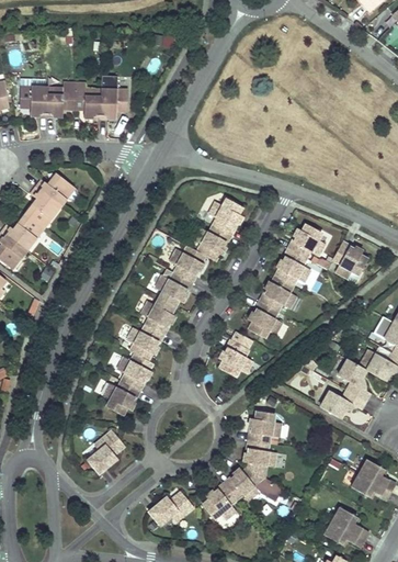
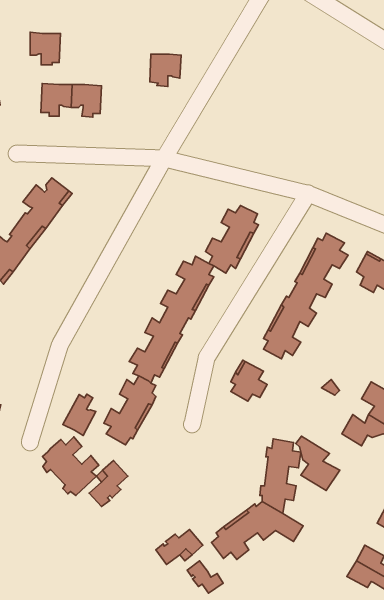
building: [20,86,47,115] -> [30,32,61,65]
building: [100,89,128,119] -> [150,54,181,87]
building: none -> [63,394,96,435]
building: none -> [296,436,340,491]
building: none -> [43,437,99,496]
building: none -> [187,561,223,593]

